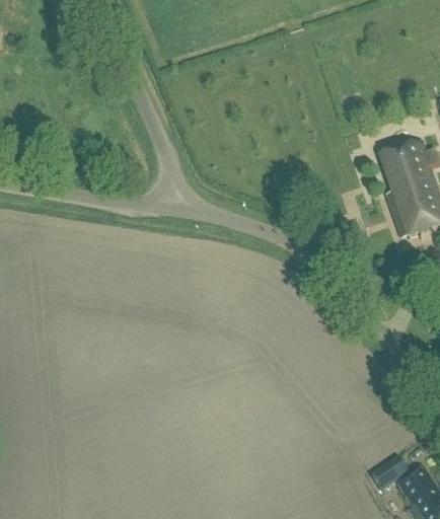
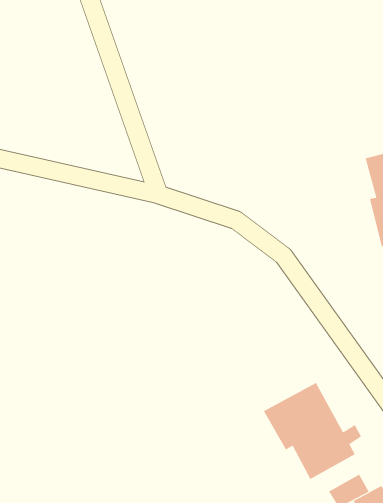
building: none -> [263,382,362,480]

